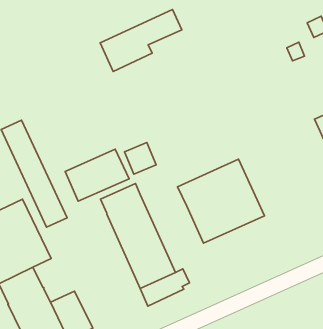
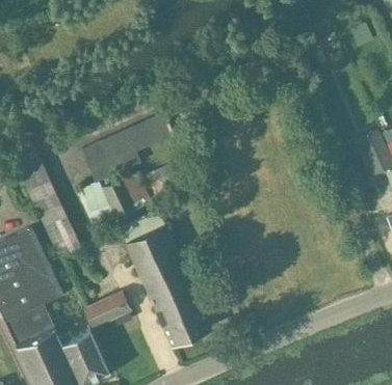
building: [100,9,182,72] -> [82,113,174,183]
building: [178,159,264,243] -> none
building: none -> [84,293,130,329]

